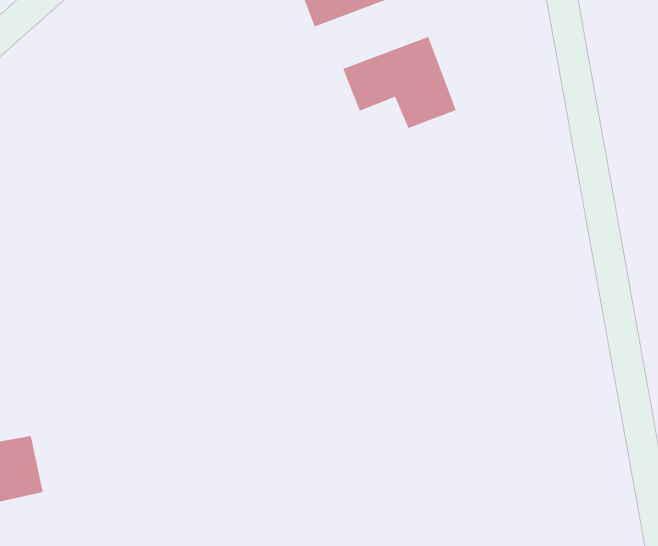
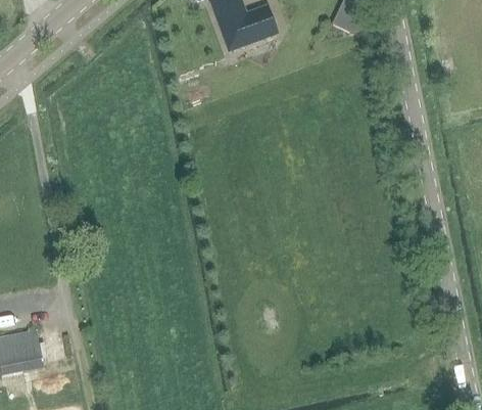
building: [342,36,456,129] -> none

